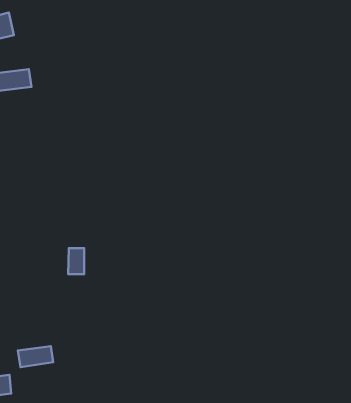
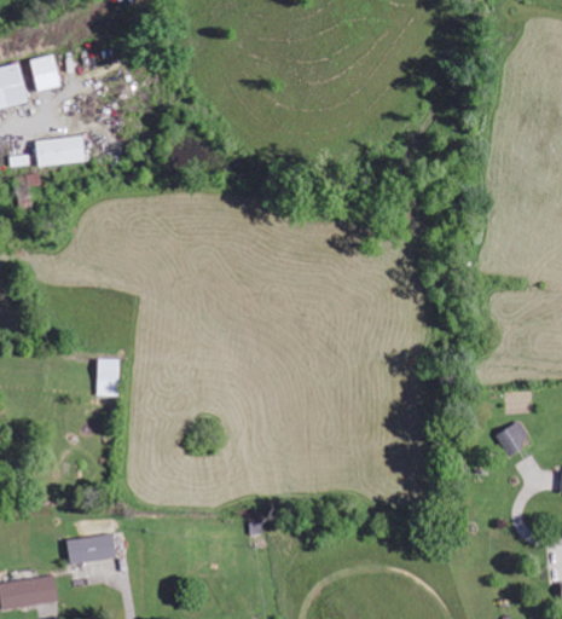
building: [68,248,84,274] -> [95,358,118,395]
building: none -> [496,422,527,455]

